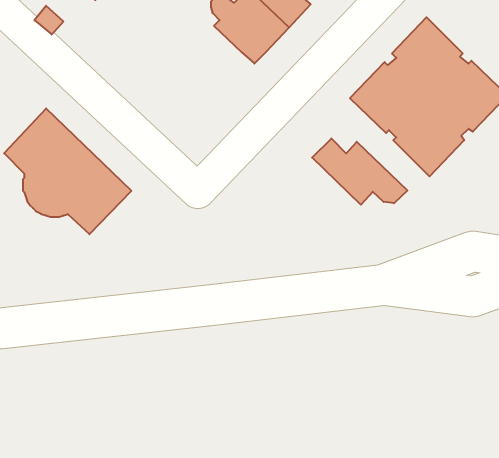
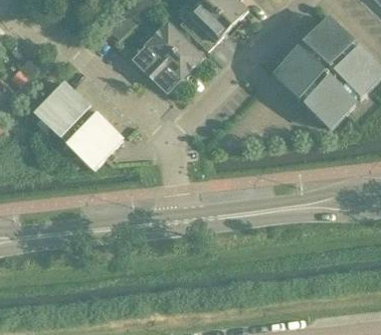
building: none -> [133,22,201,91]
building: [312,138,407,205] -> none

